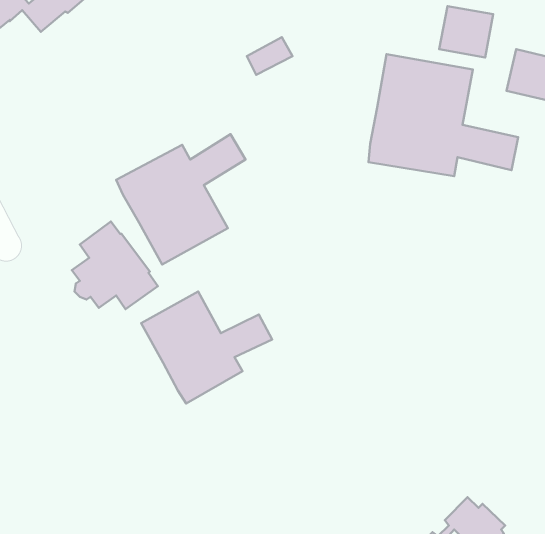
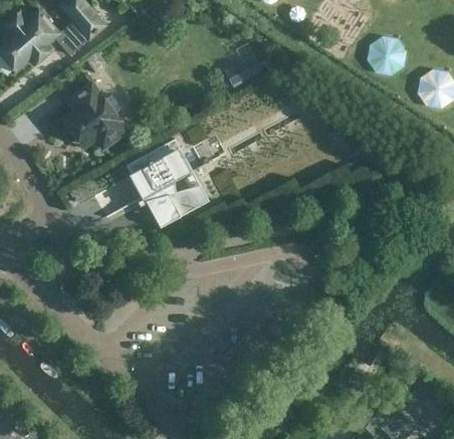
building: [368,54,518,176] -> none
building: [72,222,158,309] -> [62,84,127,150]
building: [141,292,272,403] -> none

